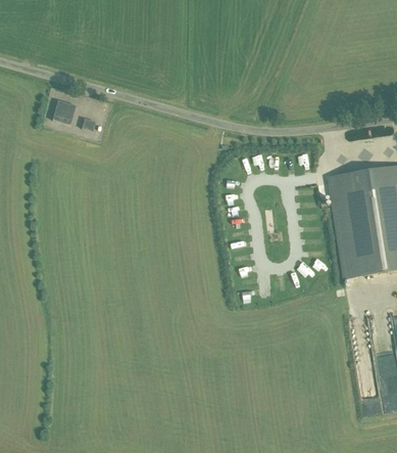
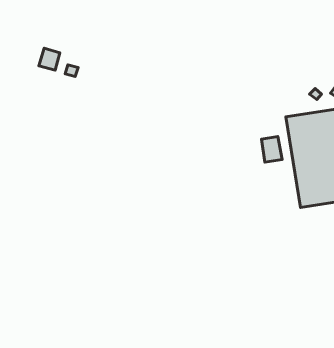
building: none -> [262,136,282,162]

